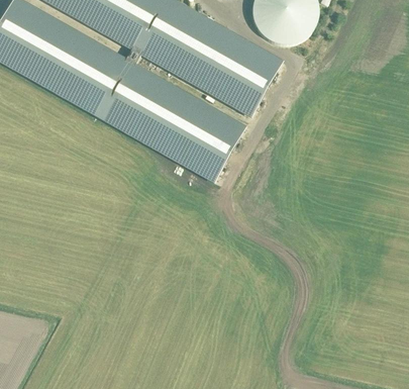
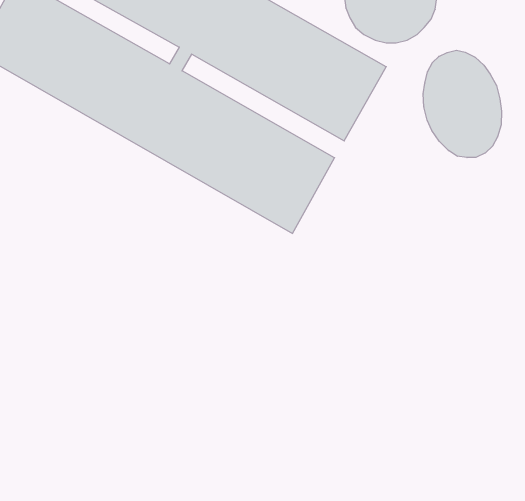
building: none -> [423,50,502,158]

